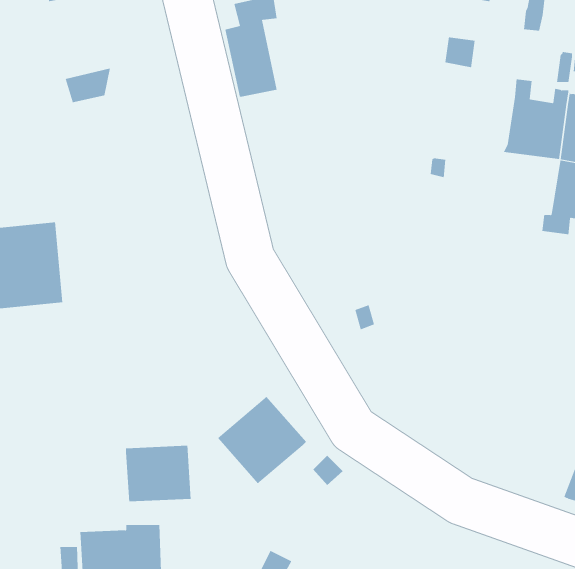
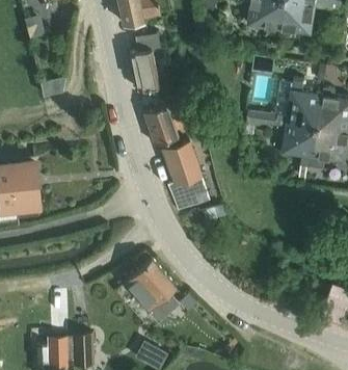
building: none -> [143,104,209,212]
building: none -> [277,115,319,166]
building: [125,445,191,502] -> none

